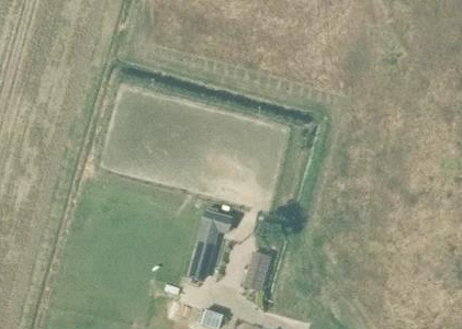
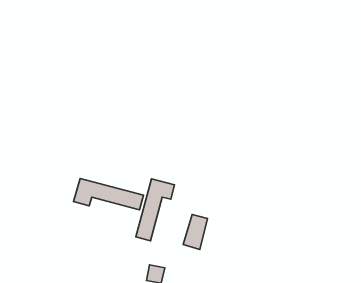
building: none -> [73,178,143,210]

